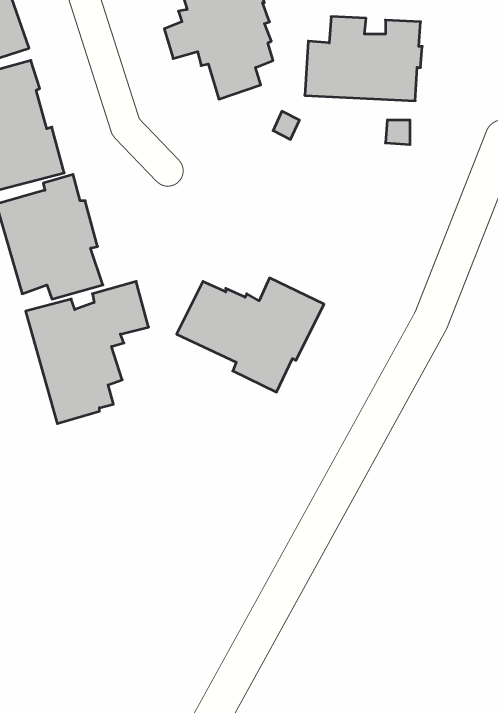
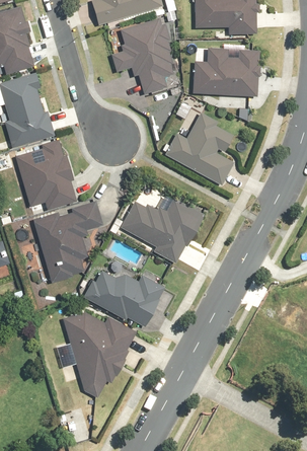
building: none -> [164,111,233,184]
building: none -> [83,270,165,326]
building: none -> [63,311,138,395]

